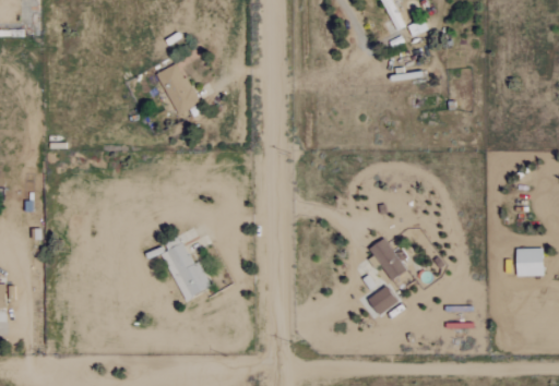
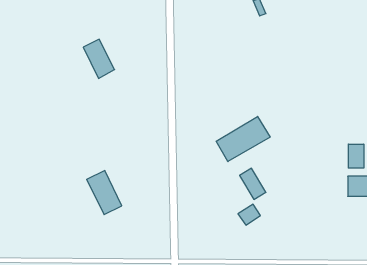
building: none -> [216,116,270,162]
building: none -> [348,144,364,168]

